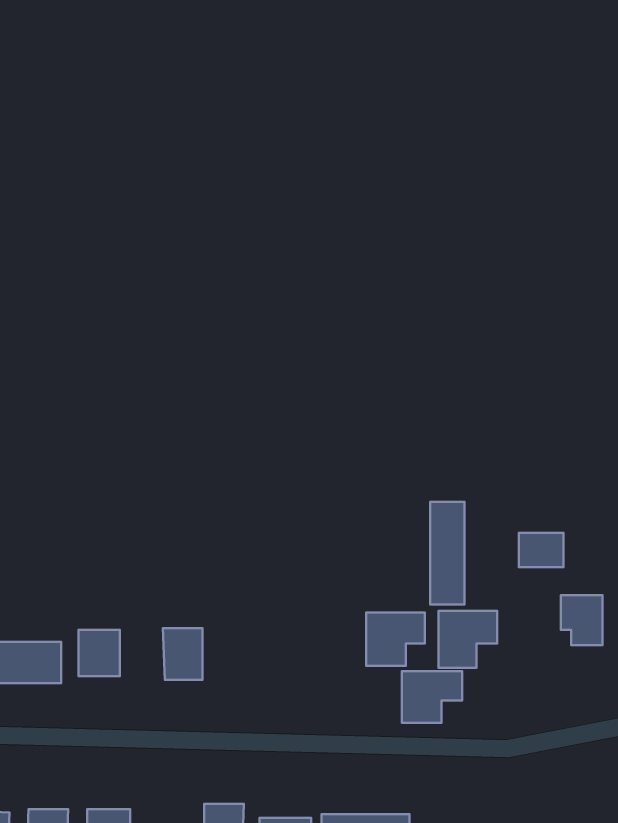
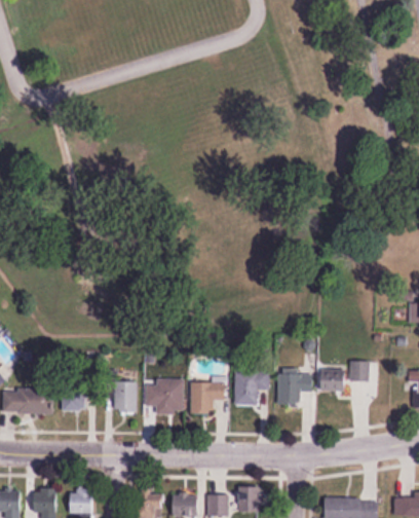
building: [430,502,465,605] -> none
building: [519,533,564,567] -> [319,370,346,391]
building: none -> [145,380,184,414]
building: [402,671,462,723] -> [190,382,226,413]

